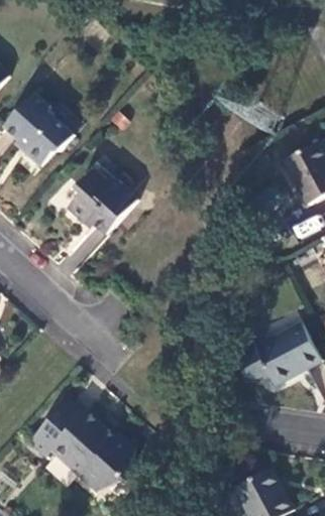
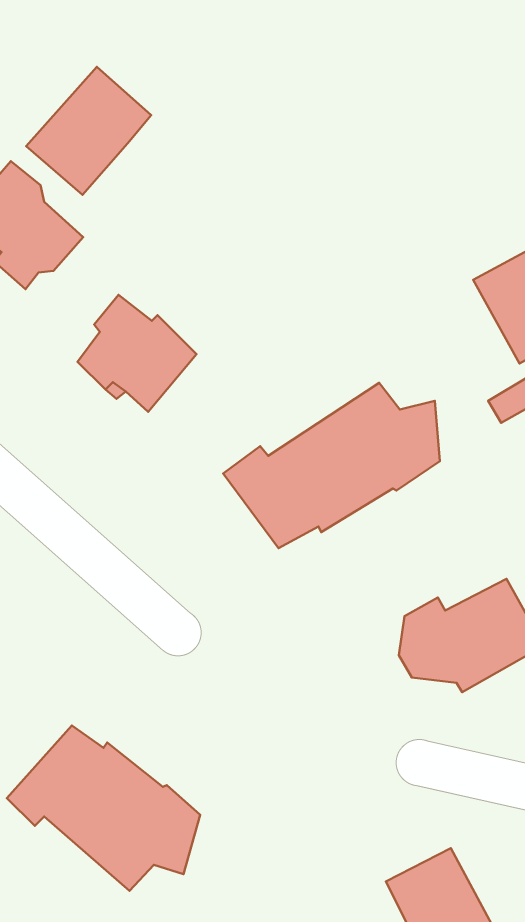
building: none -> [26,67,151,195]
building: none -> [223,383,440,548]

